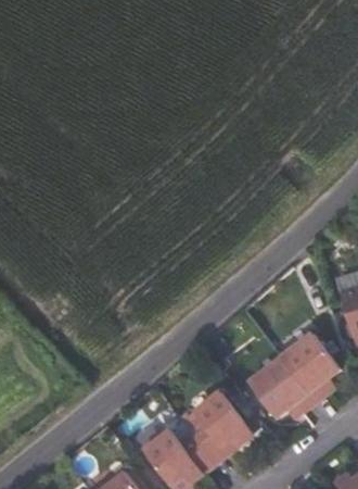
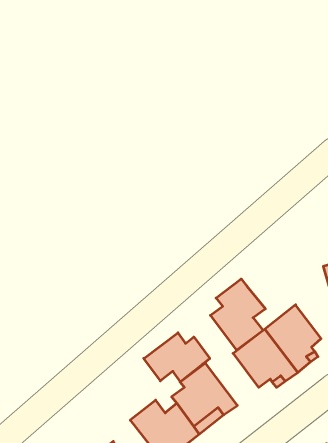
building: none -> [210,279,265,350]
building: none -> [144,333,210,382]

